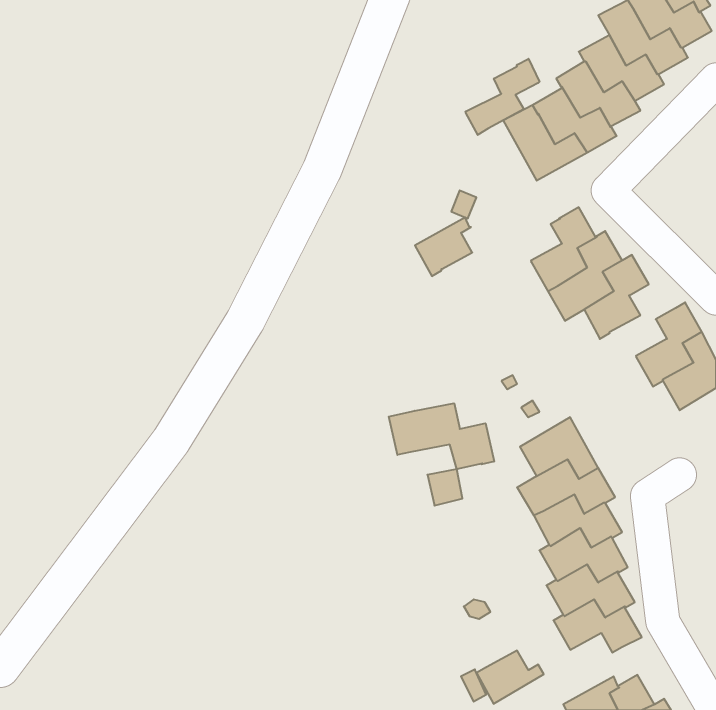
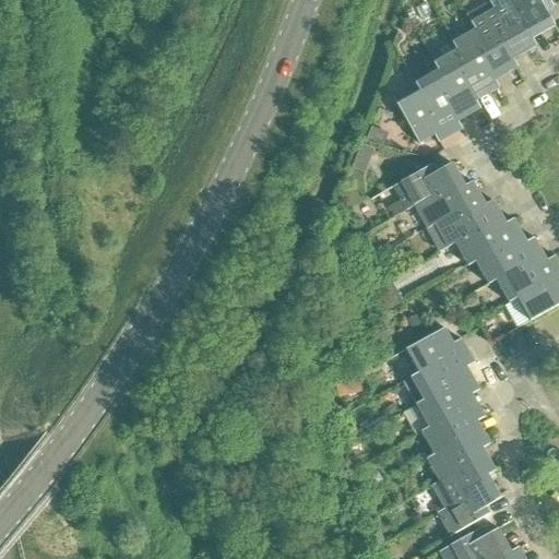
building: [466,59,539,135] -> none
building: [415,217,472,276] -> [393,163,438,209]
building: none -> [475,217,526,283]
building: [389,403,494,469] -> none
building: [477,651,544,704] -> [437,493,489,535]

